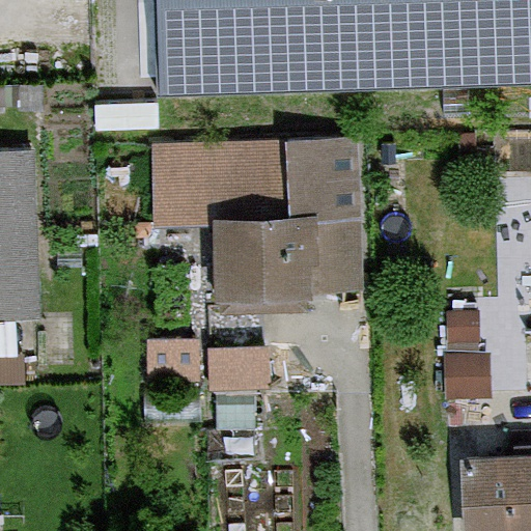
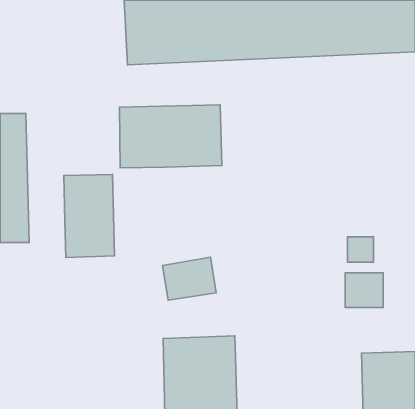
building: [212,140,360,311] -> none
building: none -> [64,175,114,258]

